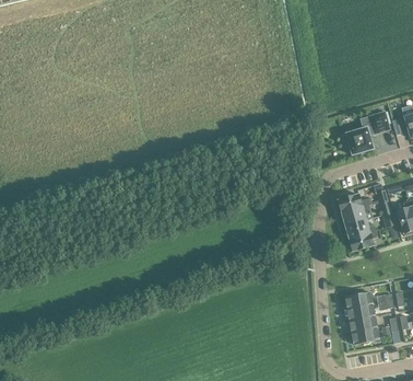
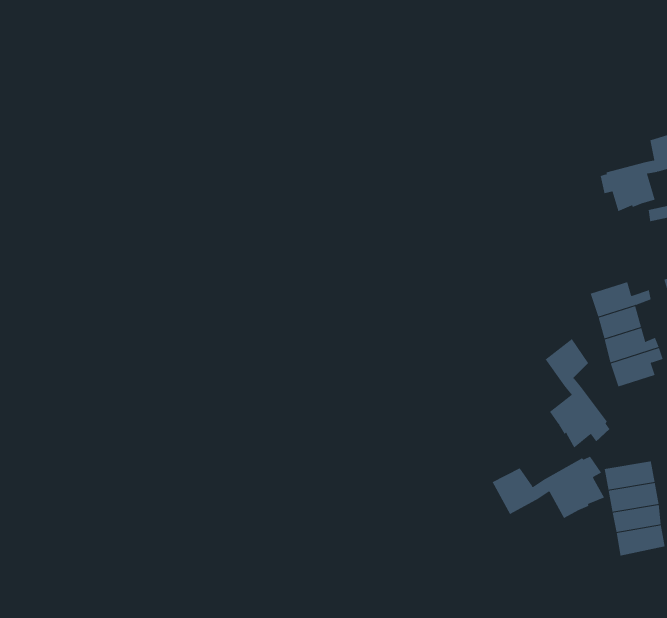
building: none -> [545,338,610,448]
building: none -> [492,456,605,519]

